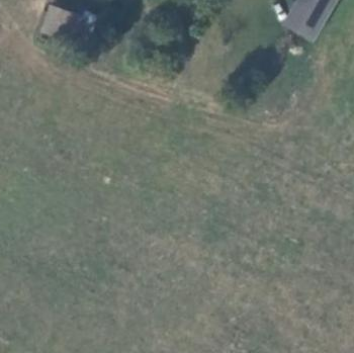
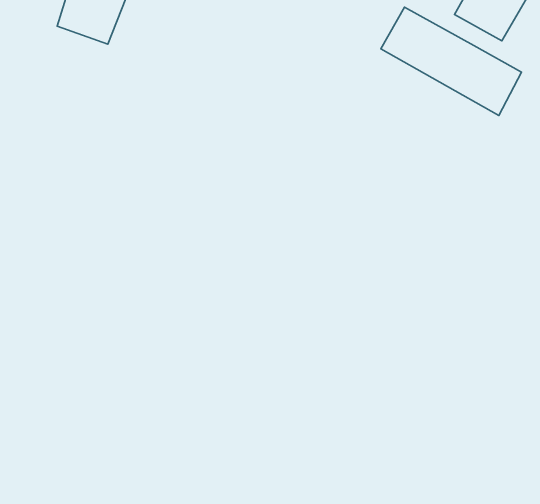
building: none -> [381,7,522,115]

